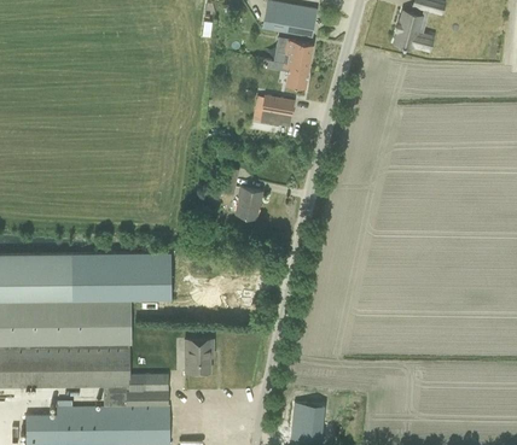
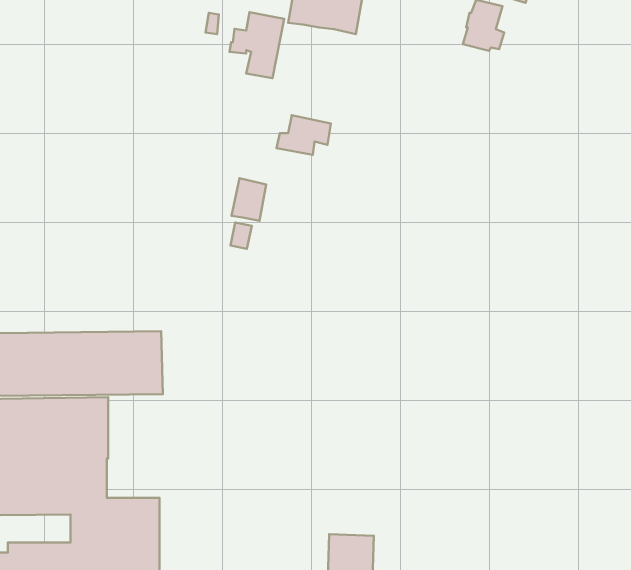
building: [273,40,313,88] -> [230,12,284,78]
building: [236,187,261,218] -> [231,178,266,221]
building: [185,340,213,373] -> none

